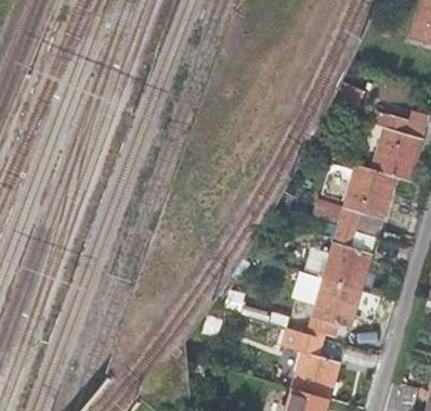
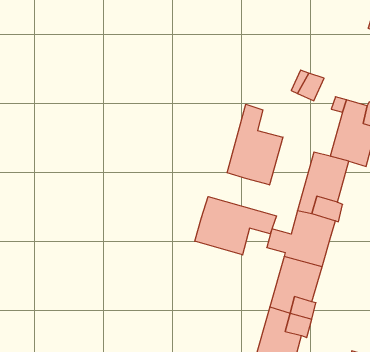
building: none -> [227,104,283,185]
building: none -> [195,197,276,255]

